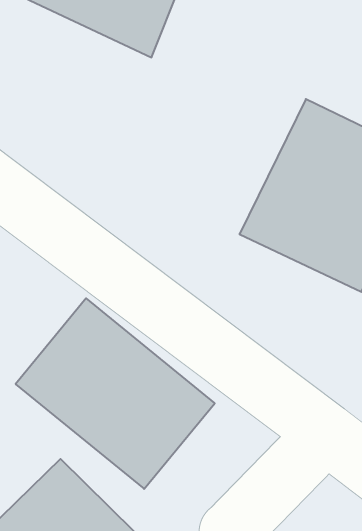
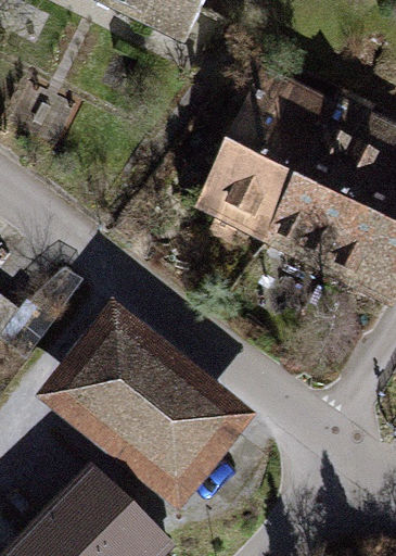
building: none -> [197,70,335,241]

